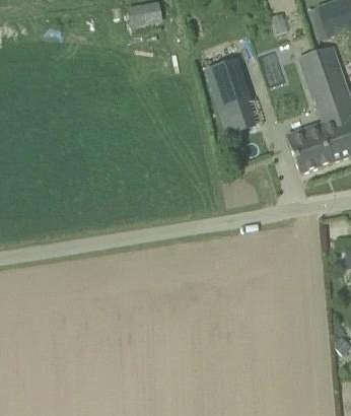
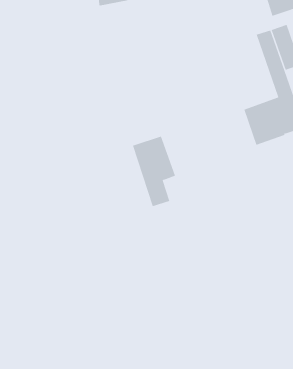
building: [259,46,285,83] -> none
building: [205,58,252,134] -> [132,136,176,207]

